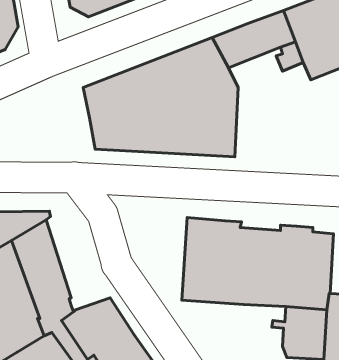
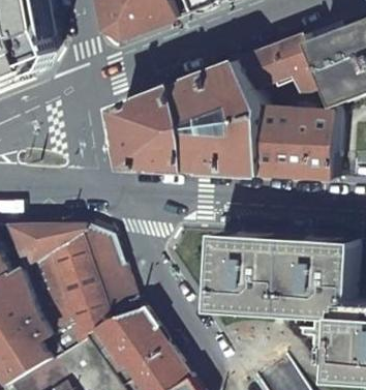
building: none -> [258,106,335,177]
building: none -> [79,224,131,313]

